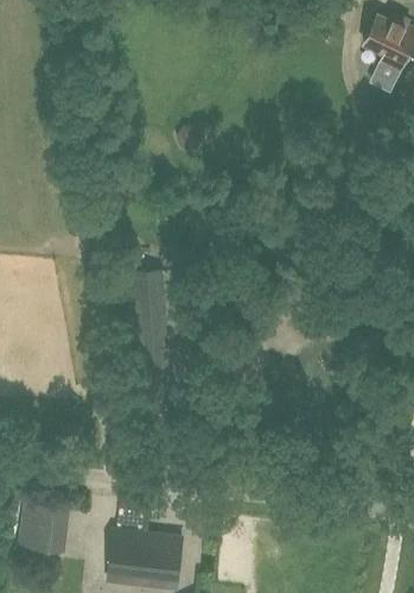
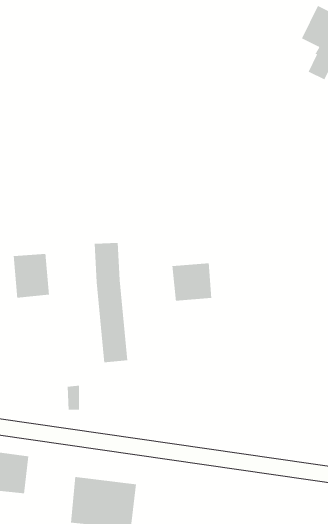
building: none -> [13,253,49,298]
building: none -> [172,262,212,301]

